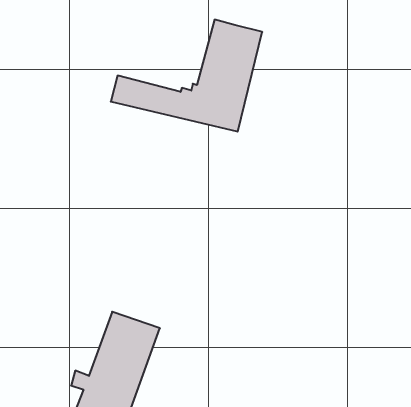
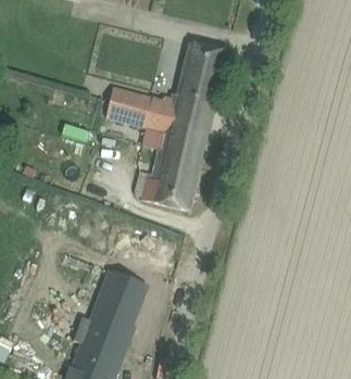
building: none -> [105,106,209,211]

